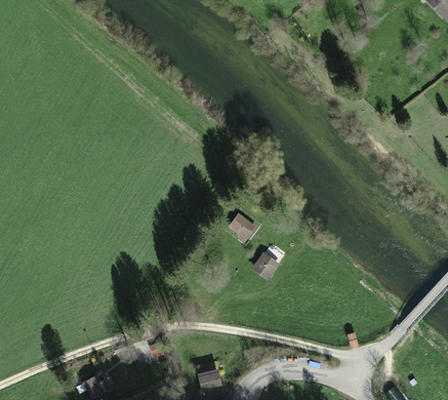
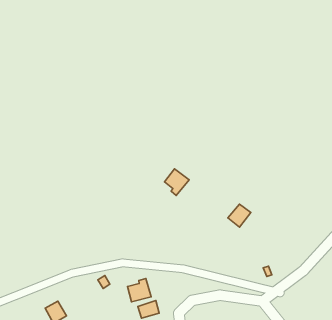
building: [252,251,280,279] -> [228,204,251,227]
building: none -> [127,278,151,302]

